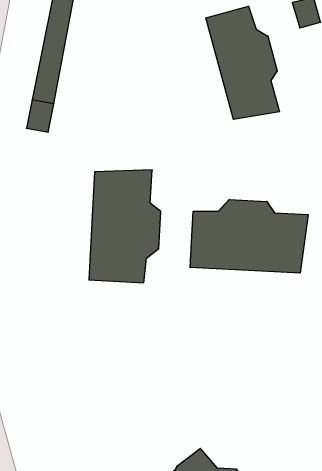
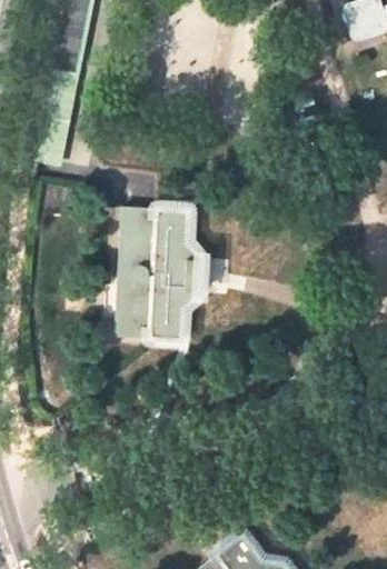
building: [206,6,280,119] -> none
building: [190,199,308,273] -> none

